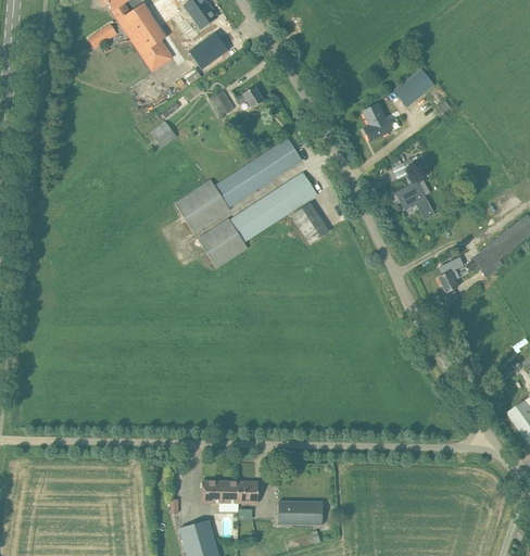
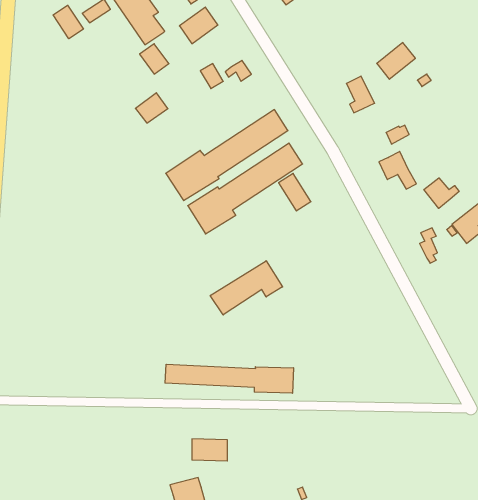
building: none -> [53,5,83,39]
building: none -> [424,178,459,208]
building: none -> [210,261,283,315]
building: none -> [165,364,293,393]
building: [239,481,258,503] -> none
building: [279,501,324,525] -> none

